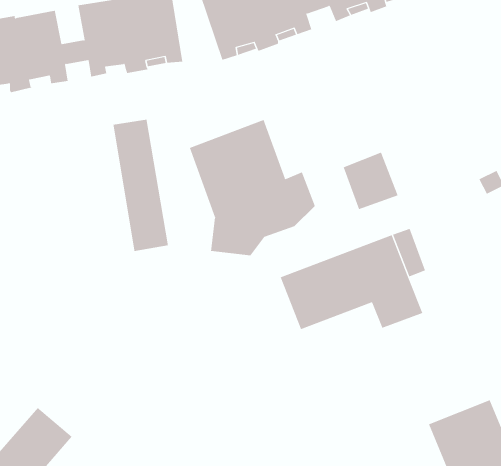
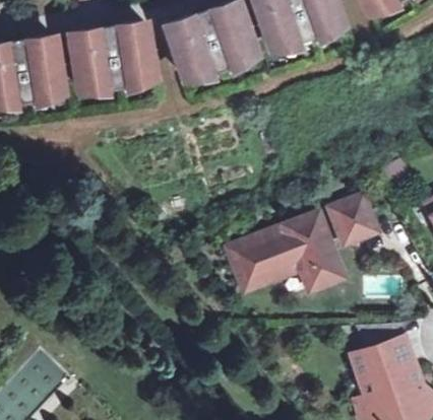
building: [113,119,169,252] -> none
building: [189,119,315,256] -> none
building: [343,152,398,210] -> [333,196,377,241]

